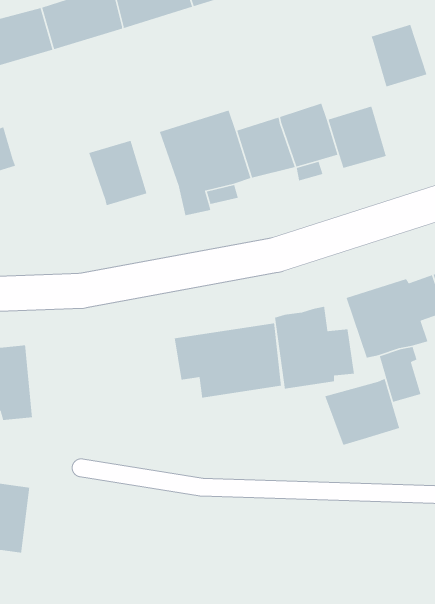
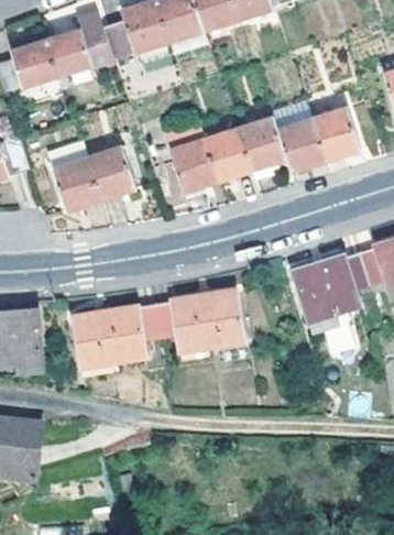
building: [371,24,427,87] -> [314,108,359,159]
building: none -> [47,138,102,208]
building: [274,306,355,389] -> none
building: none -> [76,303,162,365]
building: [324,378,400,446] -> none

